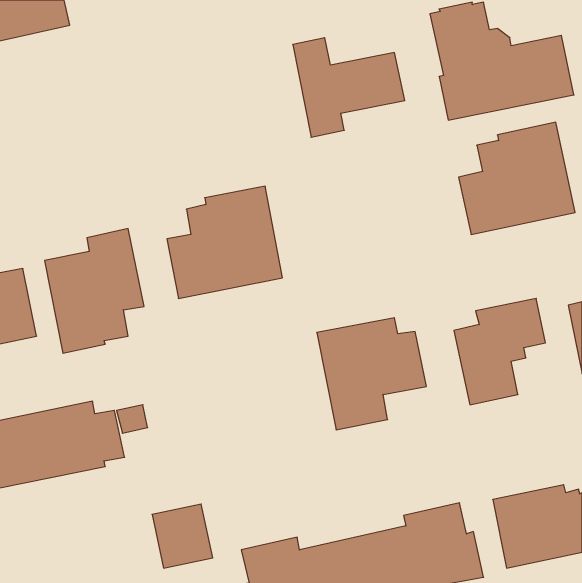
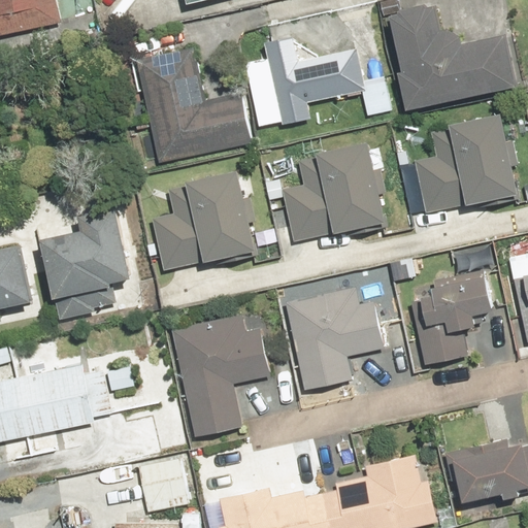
building: none -> [137,50,252,164]
building: none -> [282,141,386,243]
building: none -> [170,314,269,438]

